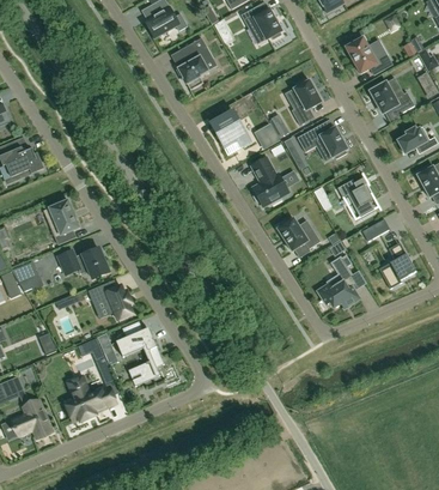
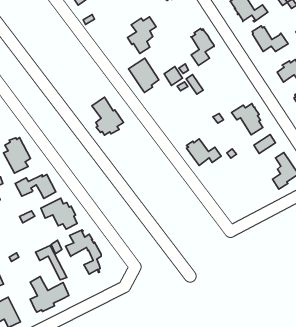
building: [175,44,212,90] -> [127,17,156,54]
building: [297,125,347,158] -> none
building: [249,157,287,205] -> [92,97,123,135]
building: [317,254,359,308] -> none

